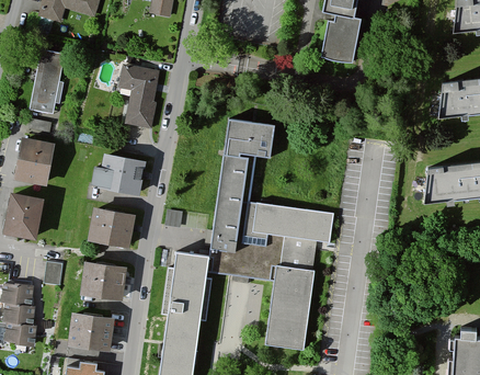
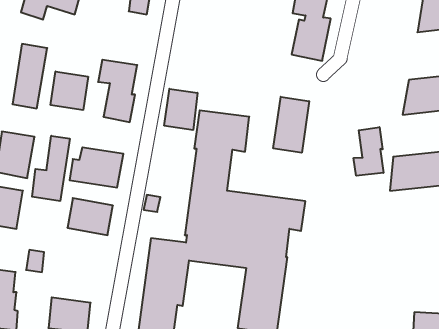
building: none -> [51,71,88,110]
building: none -> [164,89,197,130]
building: none -> [273,97,309,153]
building: none -> [354,127,383,176]
building: none -> [32,136,70,201]
building: [79,260,125,299] -> none

